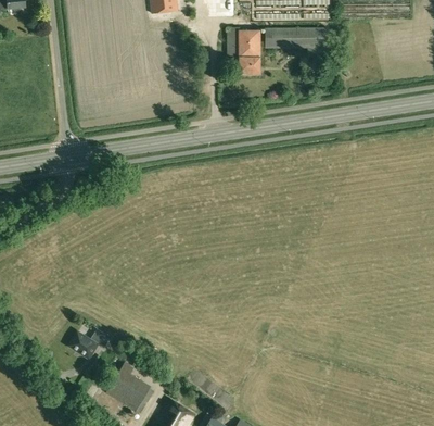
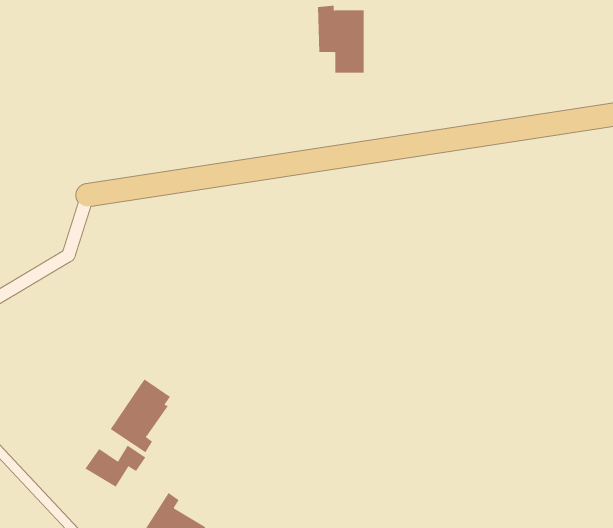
building: [265,27,328,47] -> none
building: none -> [110,378,171,453]

